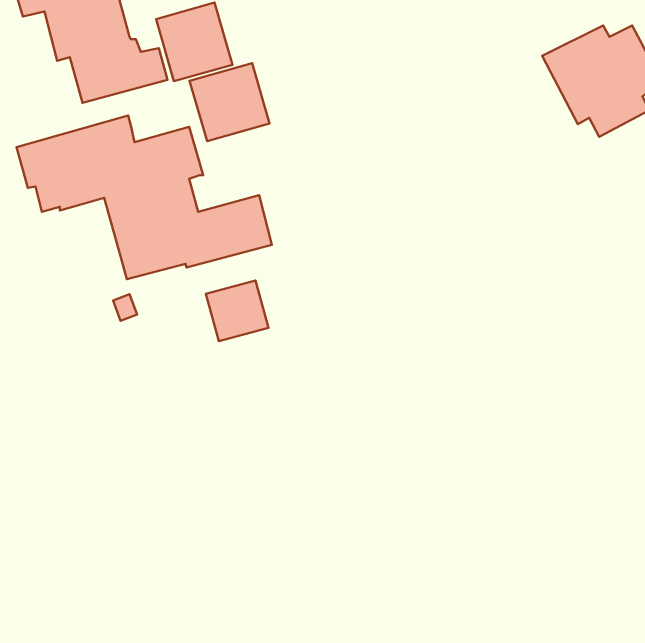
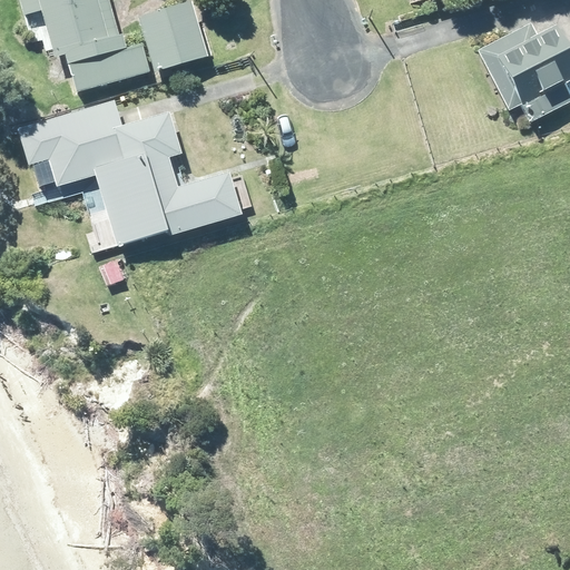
building: [190,63,270,141] -> none
building: [206,280,268,341] -> none

